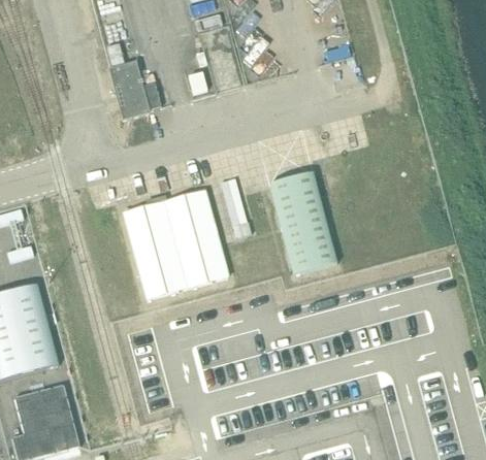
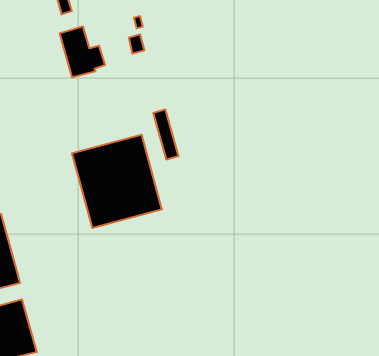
building: [269,171,337,274] -> none

